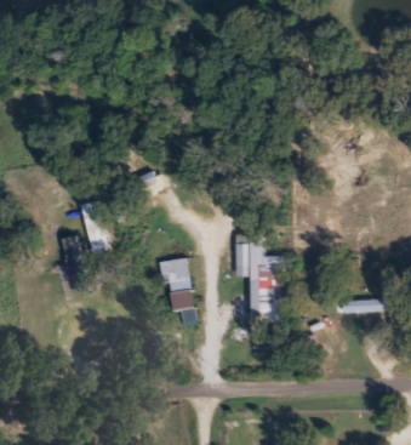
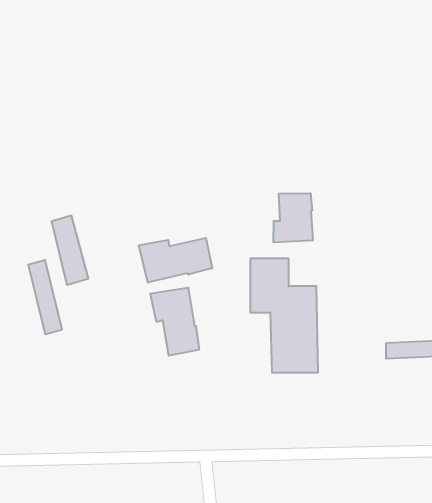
building: none -> [274,193,313,242]
building: none -> [139,238,212,283]

